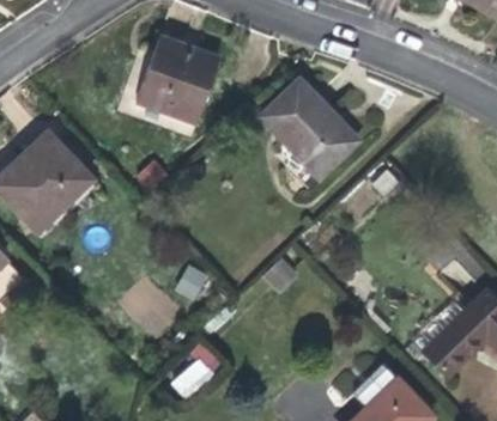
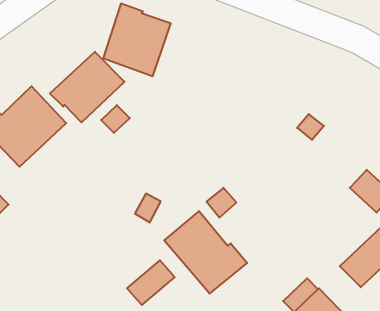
building: [262,79,353,177] -> none
building: none -> [50,52,125,122]
building: none -> [164,211,247,294]

